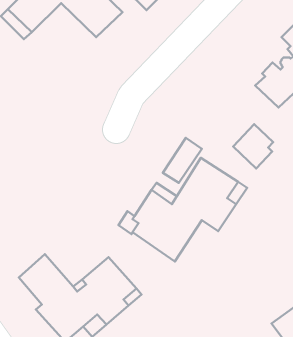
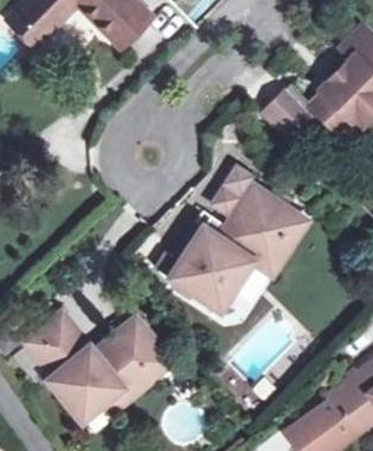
building: [233,124,273,168] -> [264,82,312,135]

